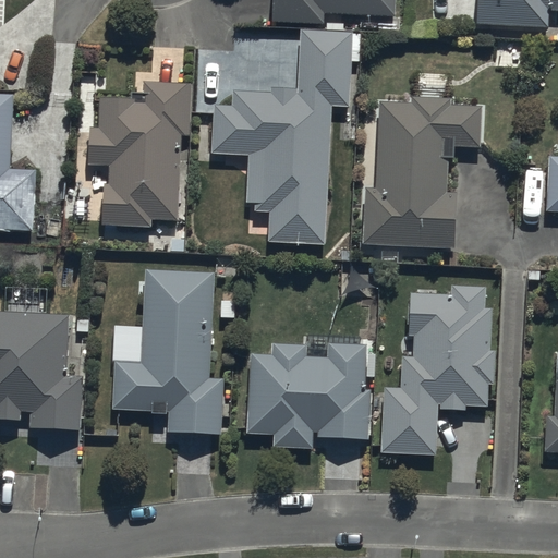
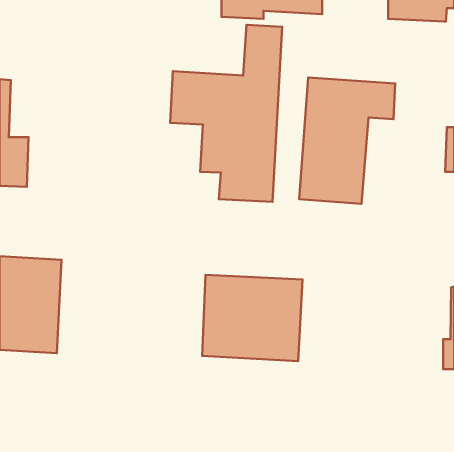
building: [89,82,190,225] -> none
building: [114,269,223,435] -> none
building: [380,284,494,456] -> none

